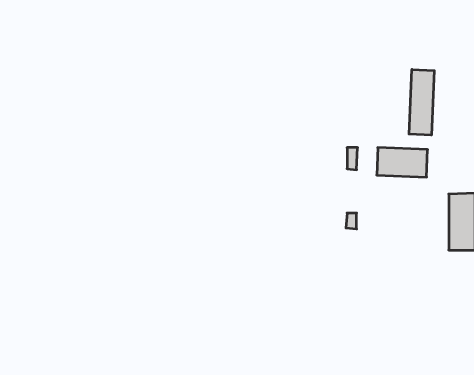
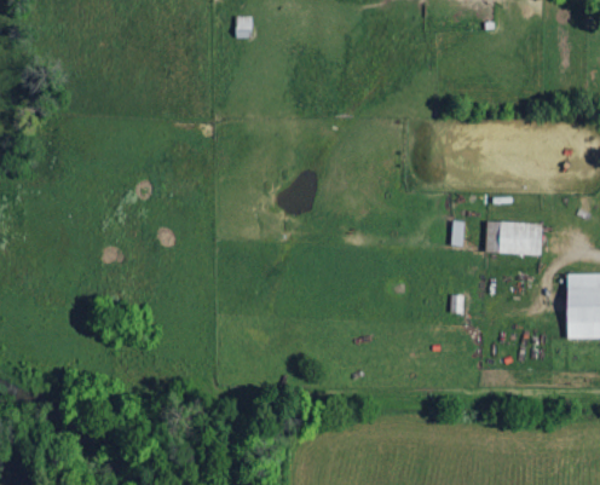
building: [409,69,434,135] -> none

